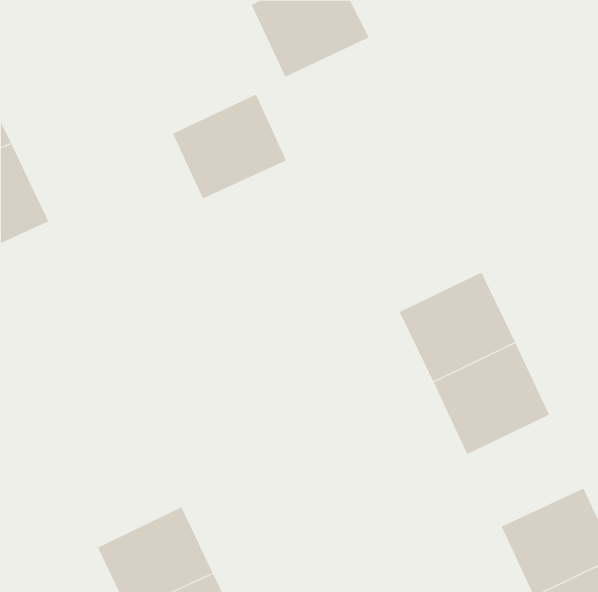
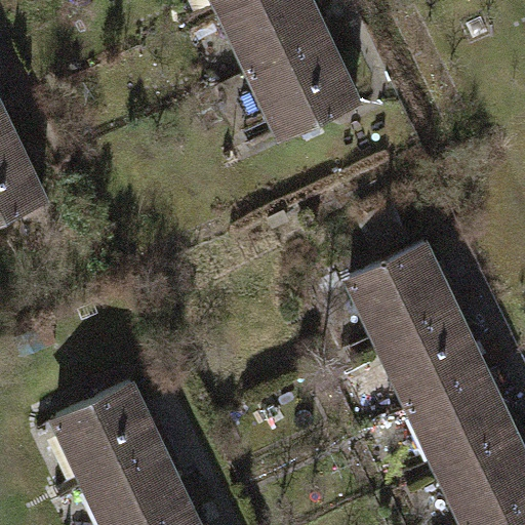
building: [172,94,287,199] -> [250,39,351,131]
building: none -> [409,369,512,467]
building: none -> [53,381,160,485]

